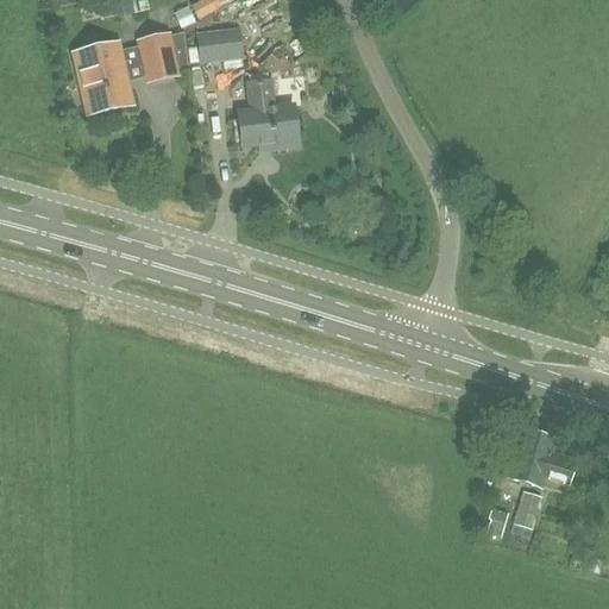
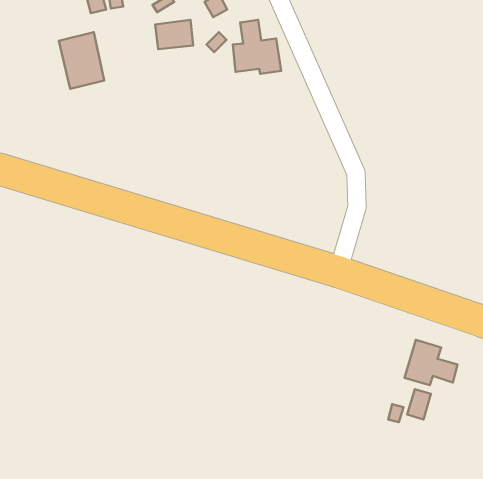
building: [139,26,189,81] -> none
building: [239,79,300,146] -> [233,20,281,74]

